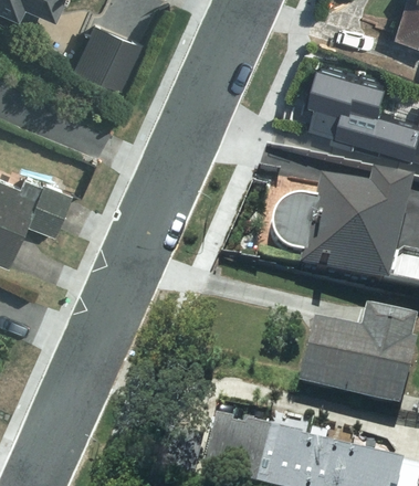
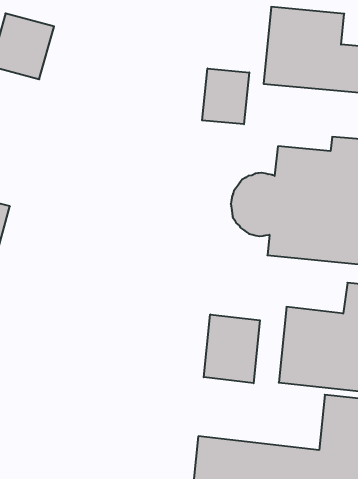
building: none -> [202,68,249,124]
building: none -> [204,314,260,383]

